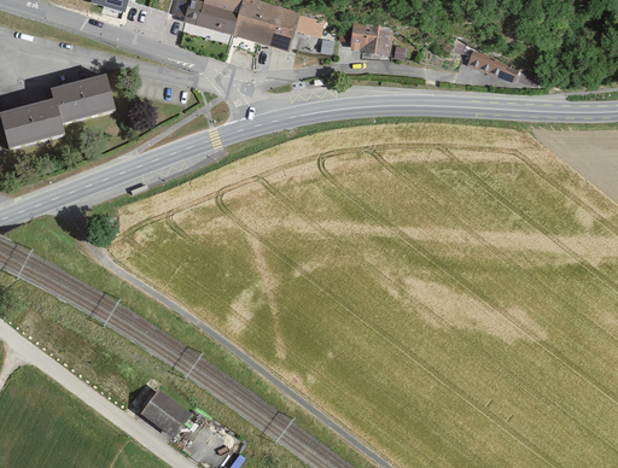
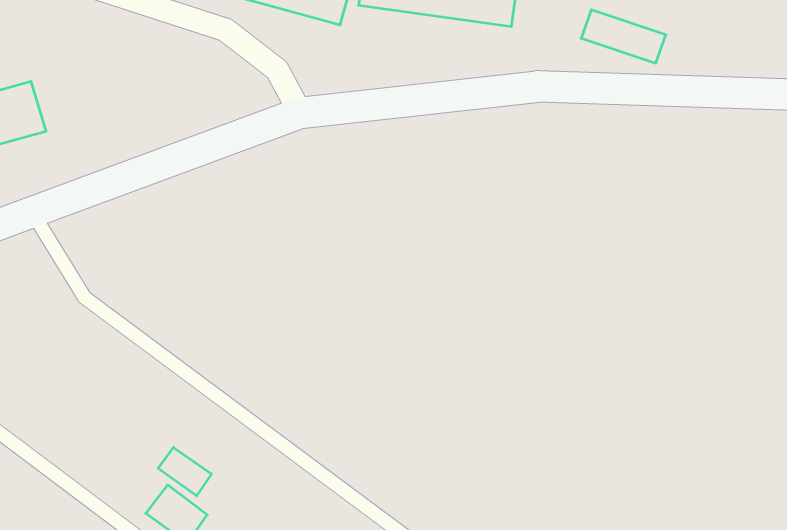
building: [53,74,116,121] -> none
building: none -> [158,447,211,496]

